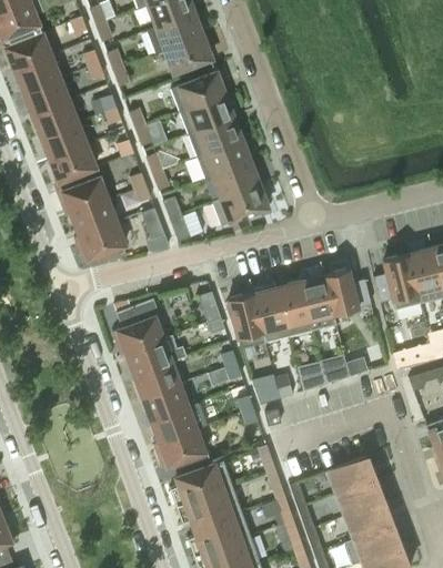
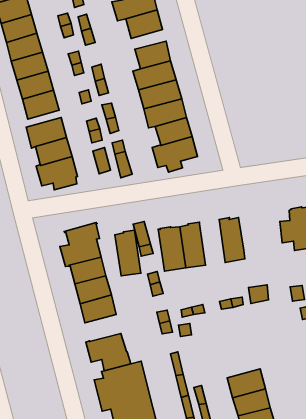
building: [323,268,371,314] -> none
building: [276,280,312,336] -> [115,230,141,276]
building: [150,406,194,442] -> none

